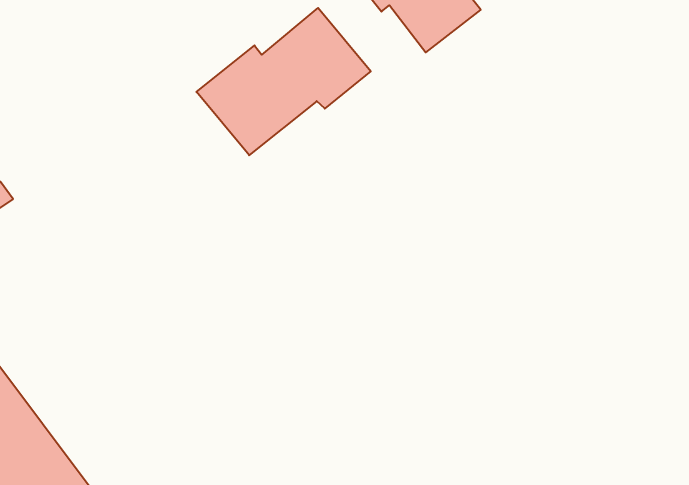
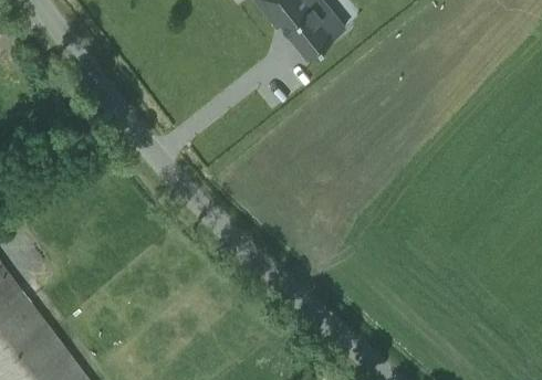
building: [196,8,371,155] -> none

